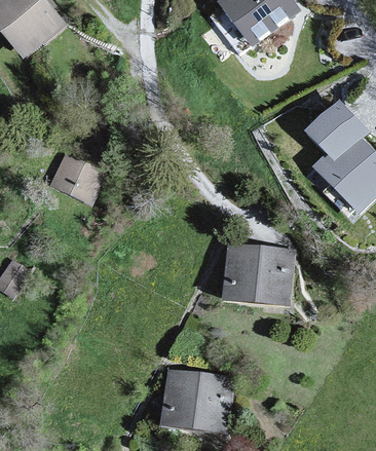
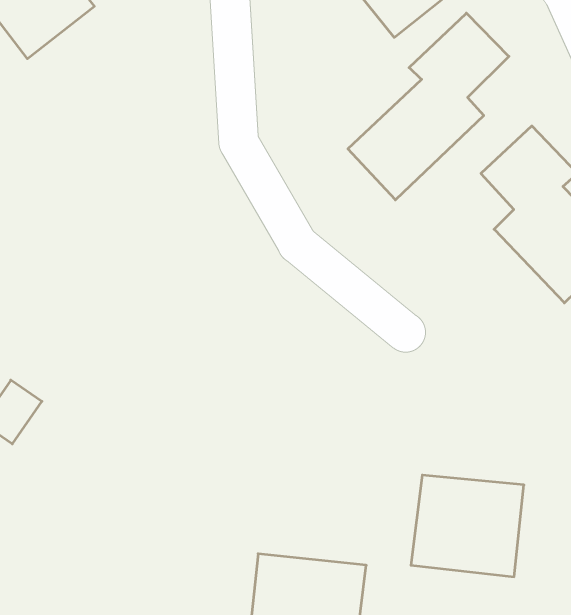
building: none -> [348,13,509,200]
building: [49,152,109,208] -> none
building: [223,243,294,307] -> [411,475,524,577]

